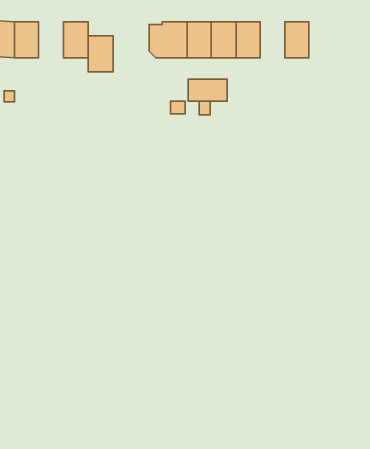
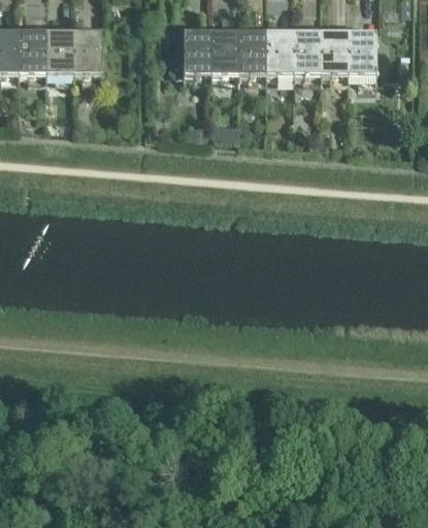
building: none -> [293,31,321,71]
building: none -> [348,31,375,71]
building: [88,36,113,72] -> [45,31,73,71]
building: [188,79,227,101] -> none

